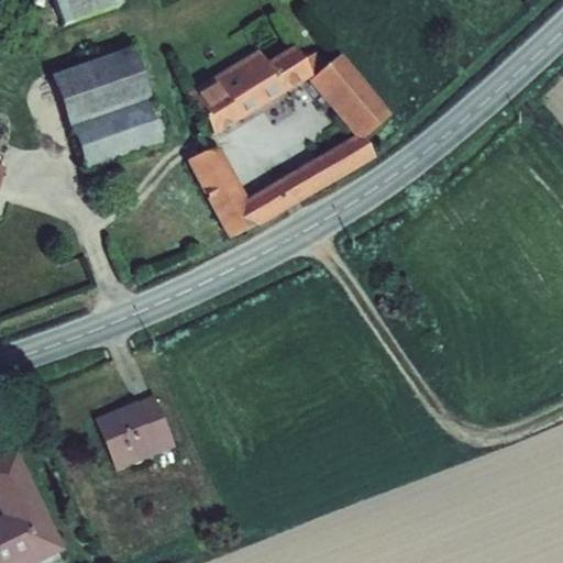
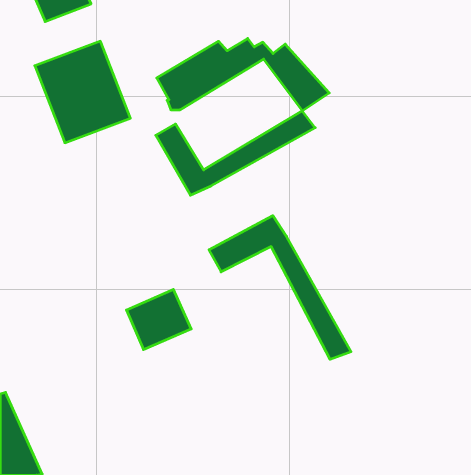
building: none -> [209,216,351,359]
building: [95,399,170,470] -> [126,289,191,350]

